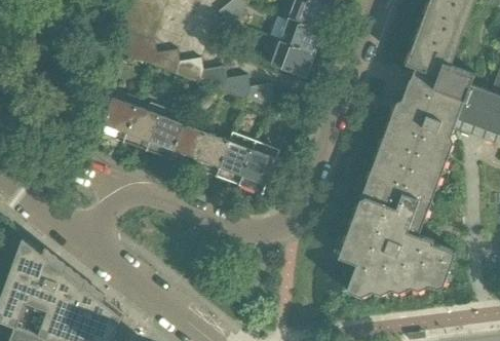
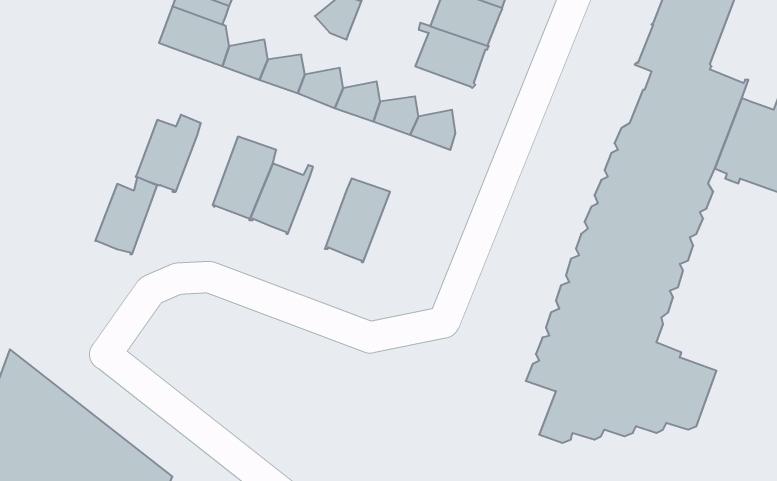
building: [123,102,161,149] -> [95,177,157,254]
building: [192,131,228,176] -> none
building: [238,141,278,193] -> none

